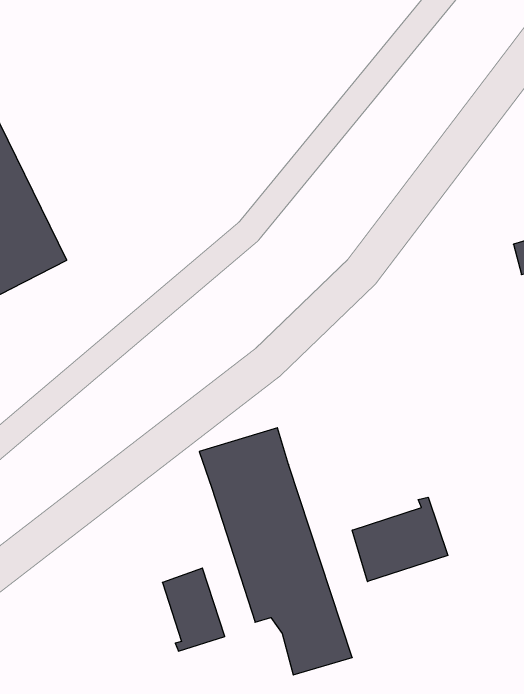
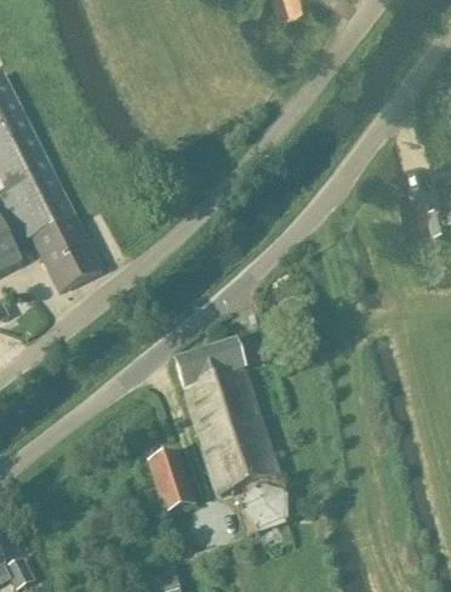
building: none -> [33,218,102,290]
building: [352,497,448,582] -> none

